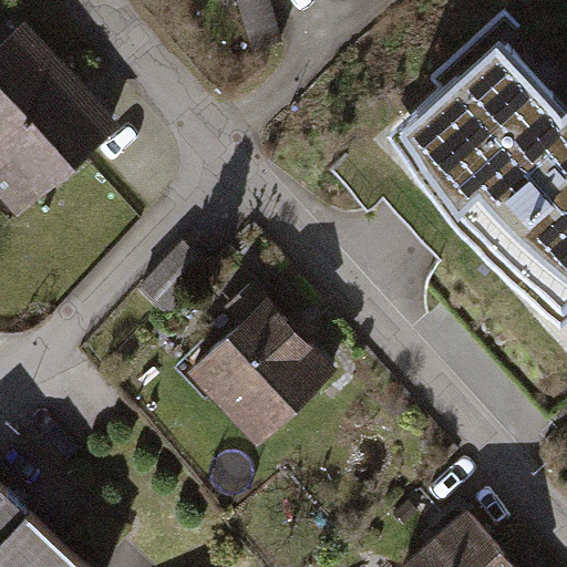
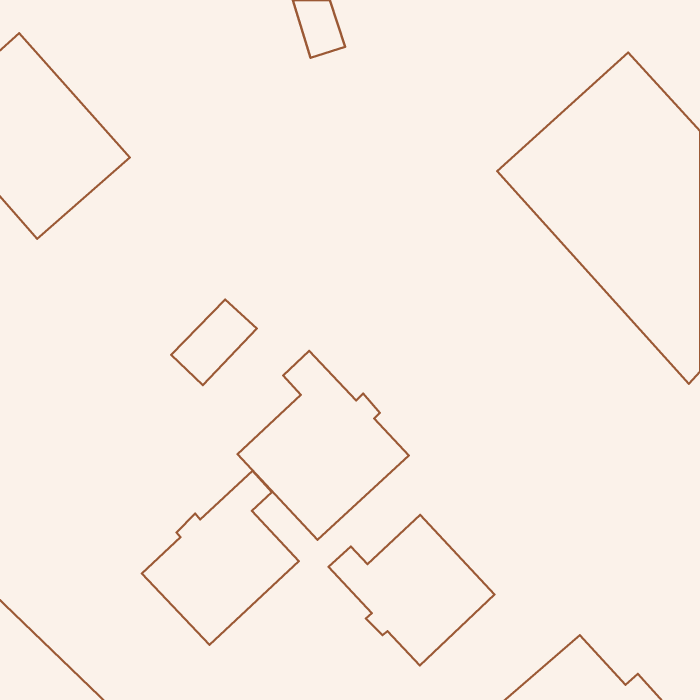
building: none -> [142,471,299,645]
building: none -> [329,515,495,665]

